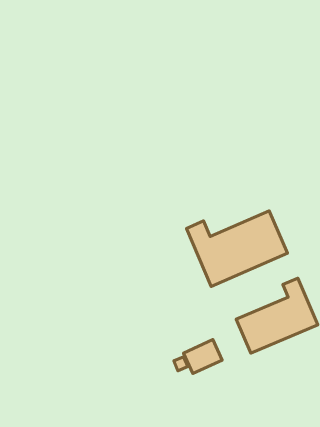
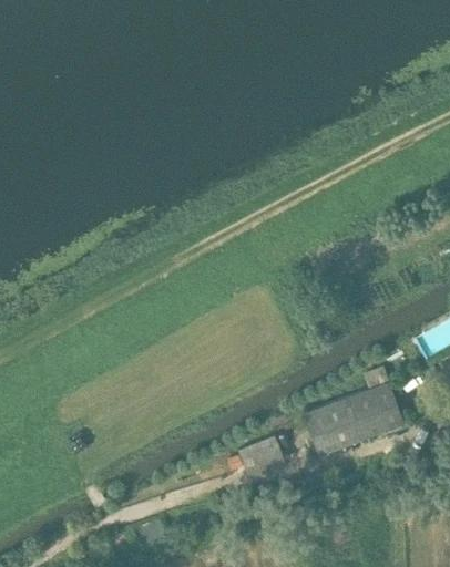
building: [186,211,287,286] -> none

